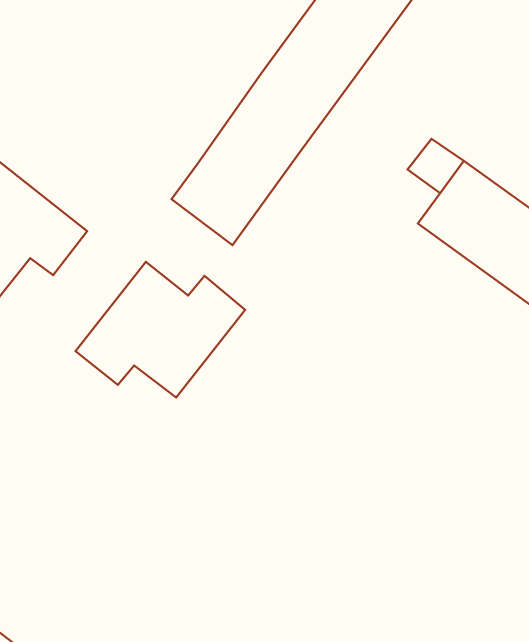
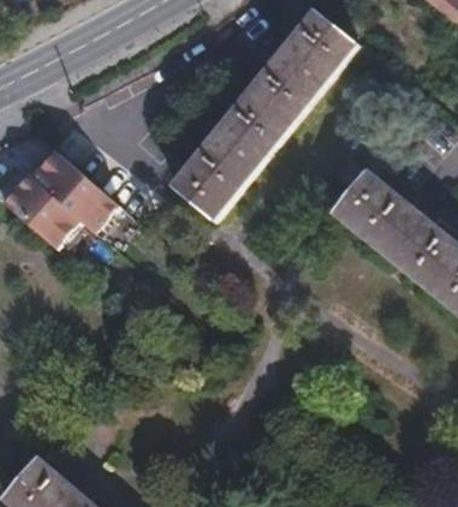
building: [75,262,245,397] -> none

